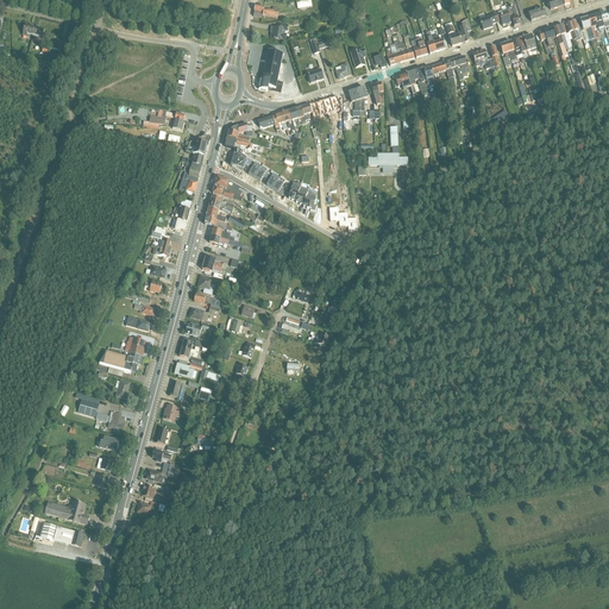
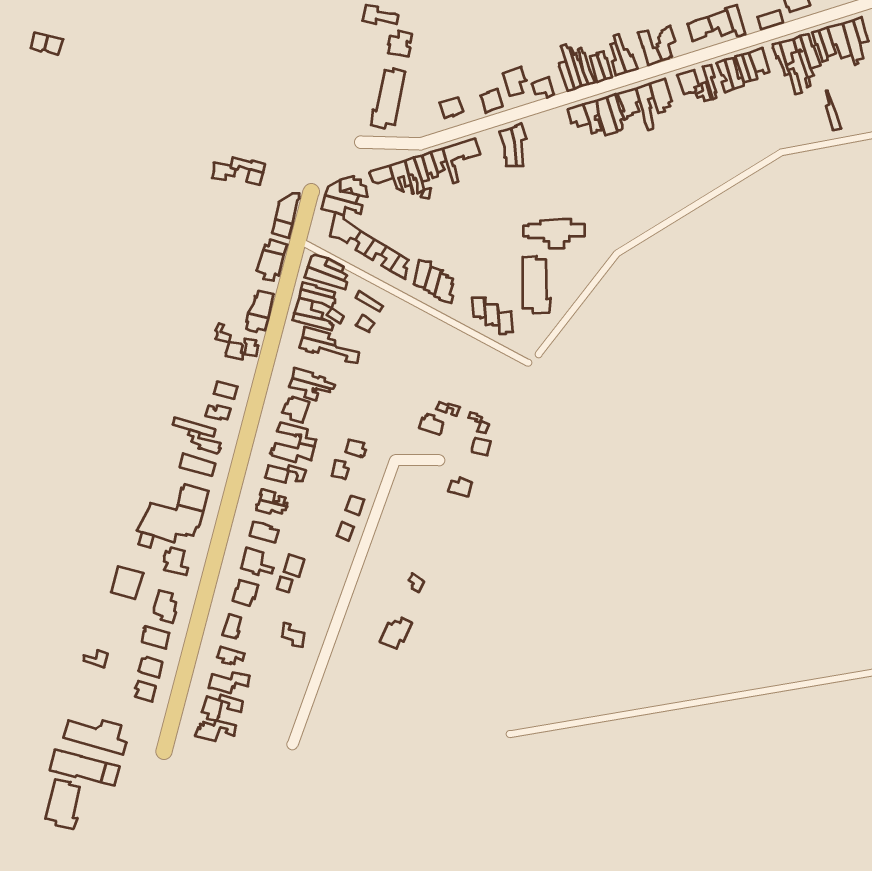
building: none -> [523,256,551,313]
building: none -> [45,779,80,829]

